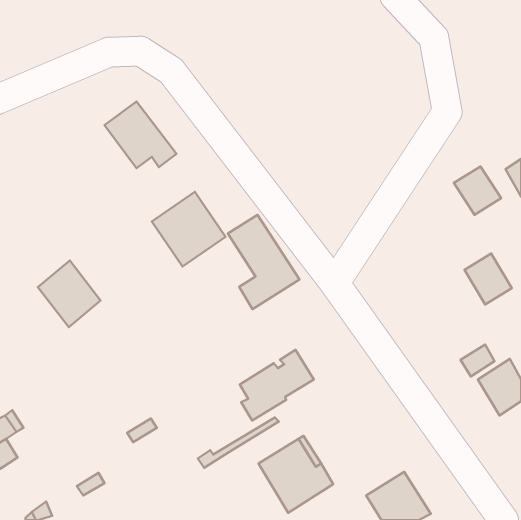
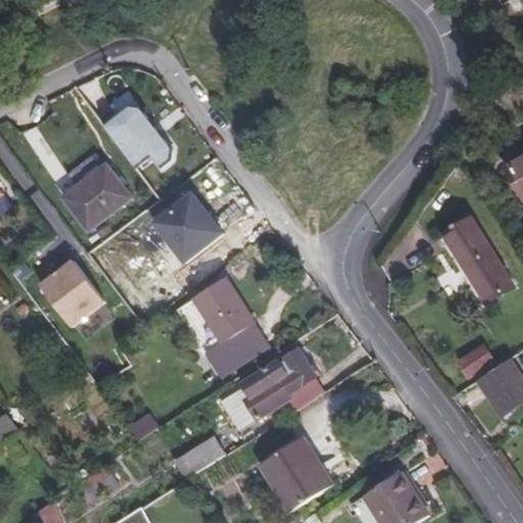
building: [454,167,501,215] -> [442,221,489,269]
building: none -> [60,167,129,233]
building: [228,215,300,309] -> [193,278,265,372]

